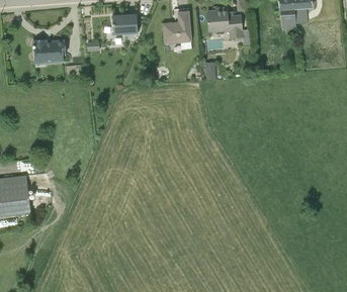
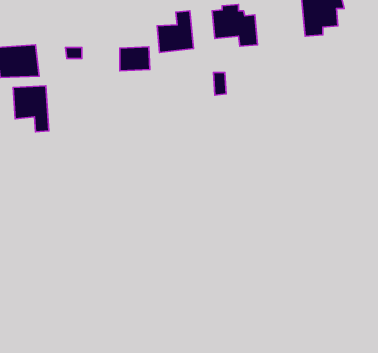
building: [113,15,138,34] -> [120,47,150,71]
building: none -> [13,86,49,132]

